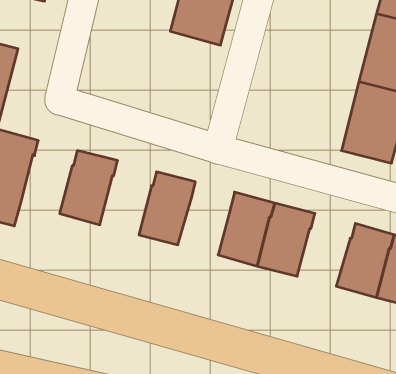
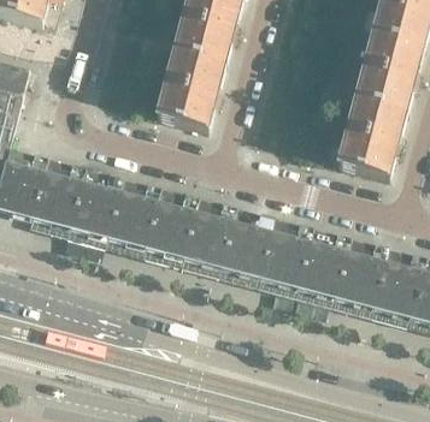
building: none -> [154,57,220,136]
building: none -> [29,161,83,231]
building: none -> [105,180,159,251]
building: none -> [179,201,234,271]
building: none -> [294,231,349,301]

